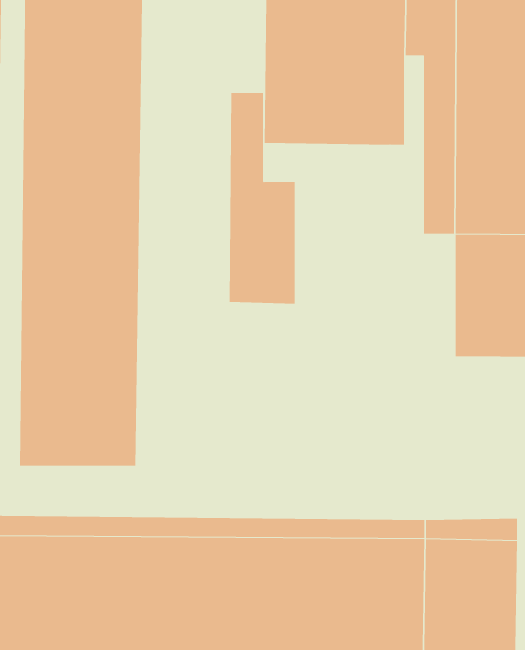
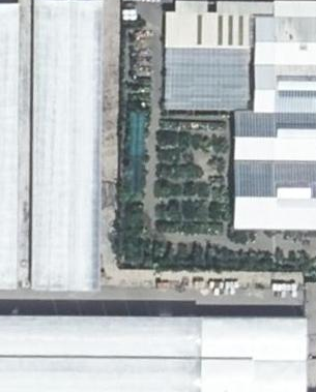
building: [229,92,295,304] -> [236,109,274,227]

